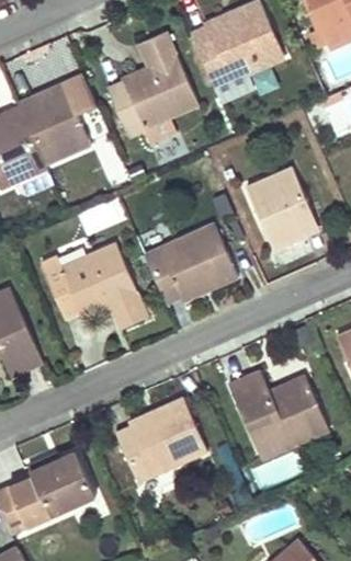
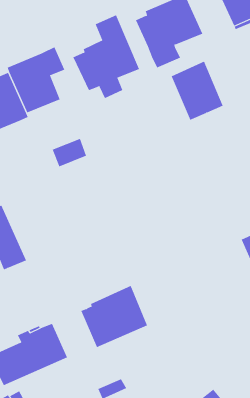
building: [248,169,320,250] -> [171,61,224,120]
building: [144,222,239,302] -> none
building: [42,244,149,330] -> none
building: [228,368,331,458] -> none

